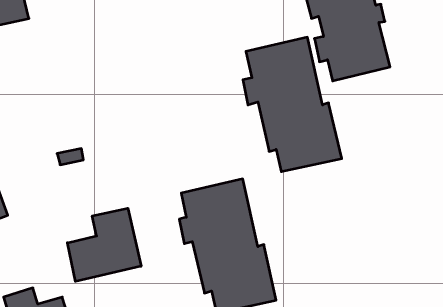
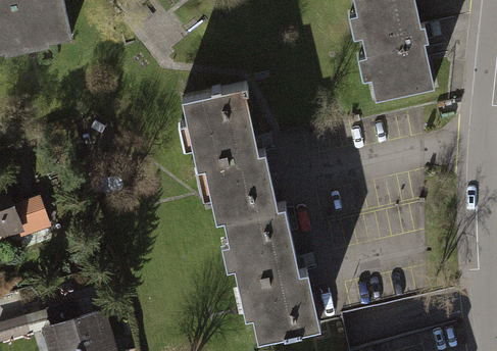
building: [243,37,342,172] -> [176,74,276,210]
building: [67,208,141,281] -> none

